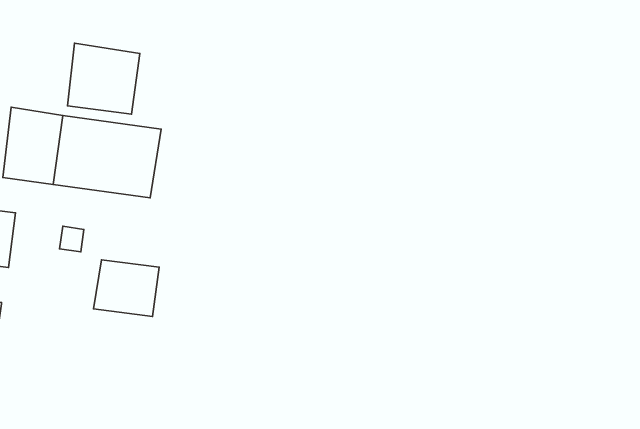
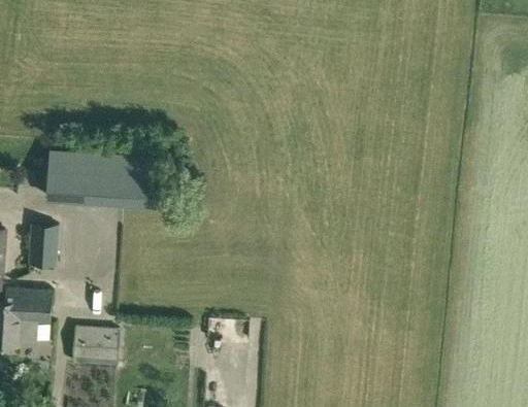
building: [67,43,140,114] -> none
building: [94,260,159,316] -> [73,328,119,366]

